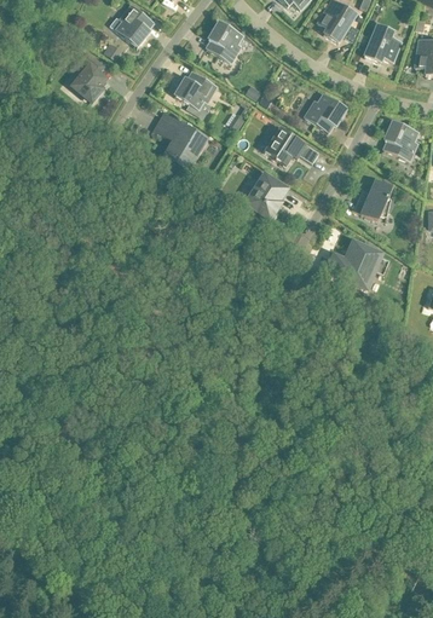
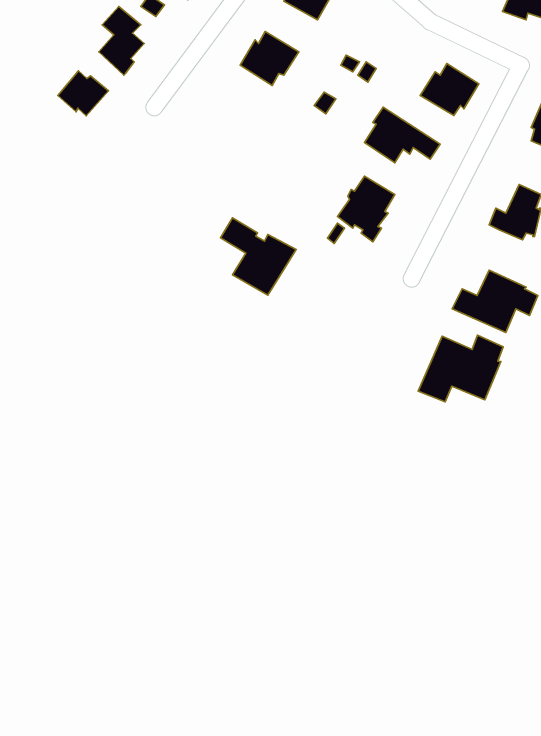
building: none -> [58,71,108,116]
building: [154,115,208,171] -> [221,218,296,295]
building: none -> [418,335,503,402]

